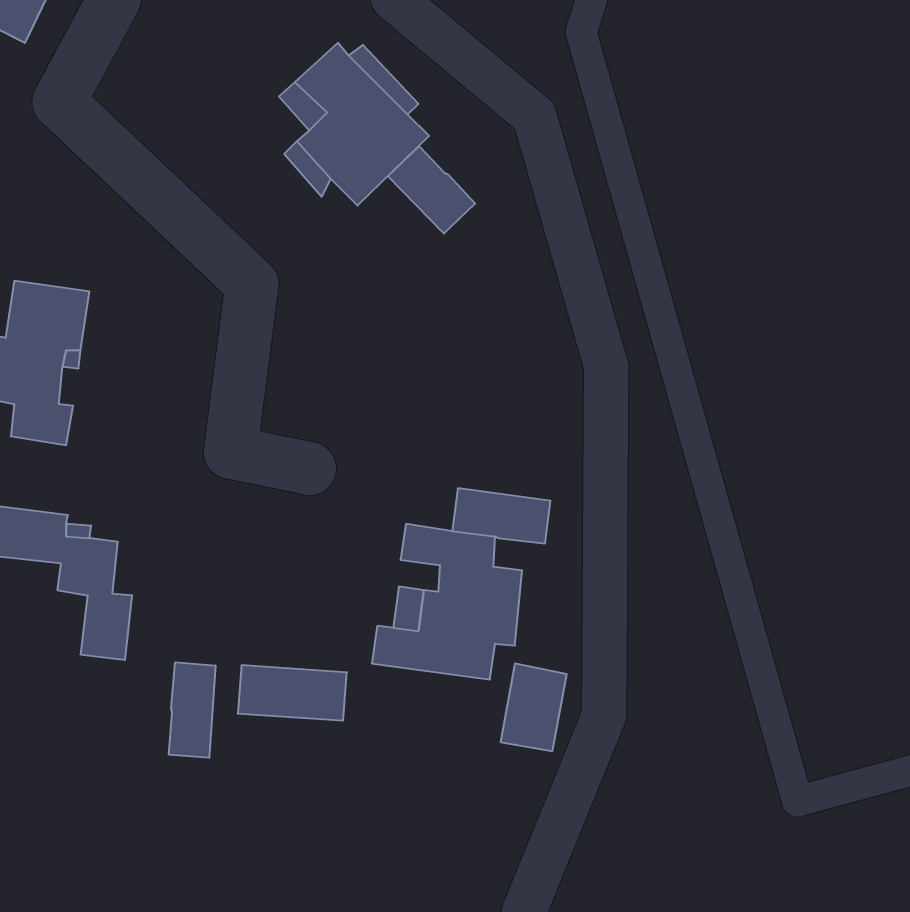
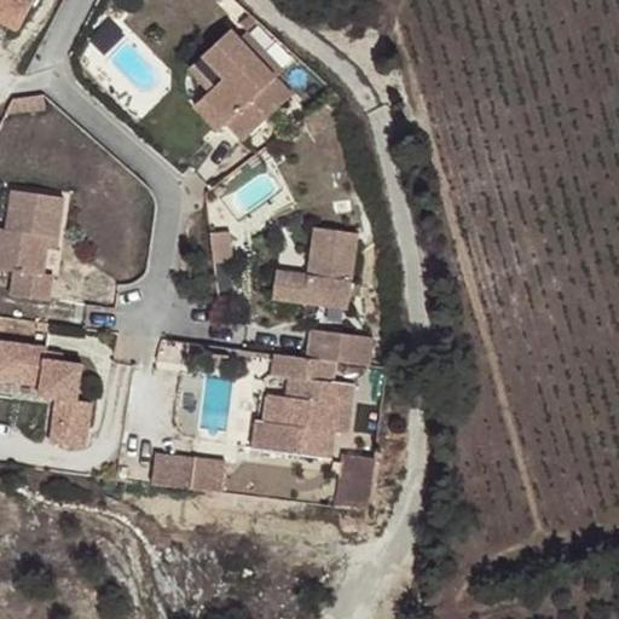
building: [388,146,475,234] -> none
building: none -> [271,226,357,310]
building: [169,662,215,758] -> none

